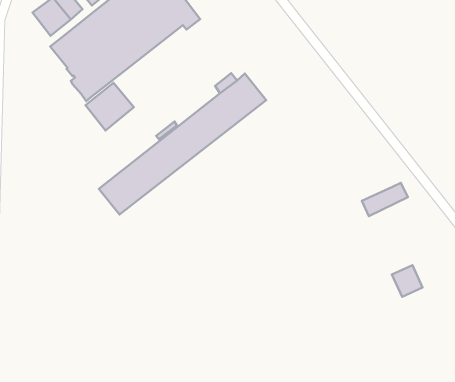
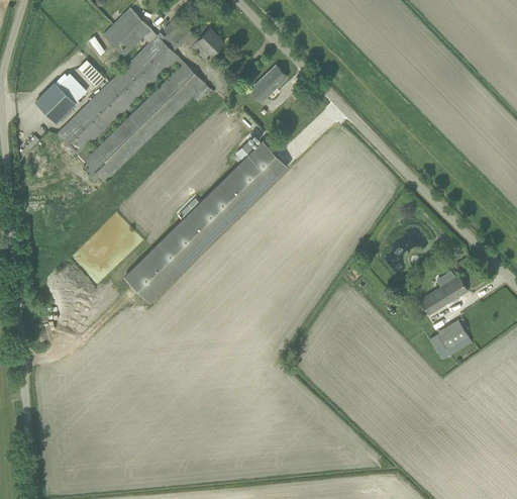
building: none -> [248,66,287,103]
building: [85,83,134,131] -> none
building: [362,183,408,216] -> [419,277,467,315]

